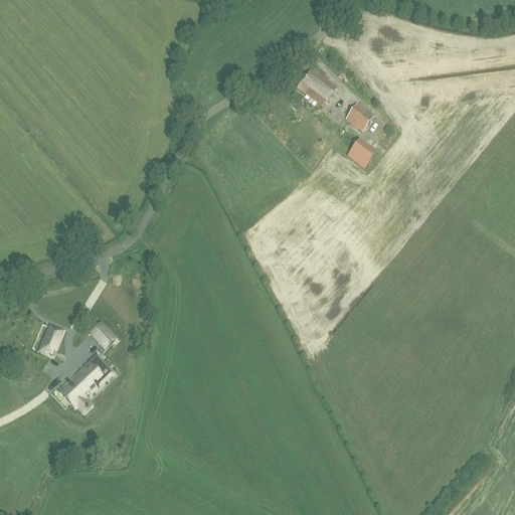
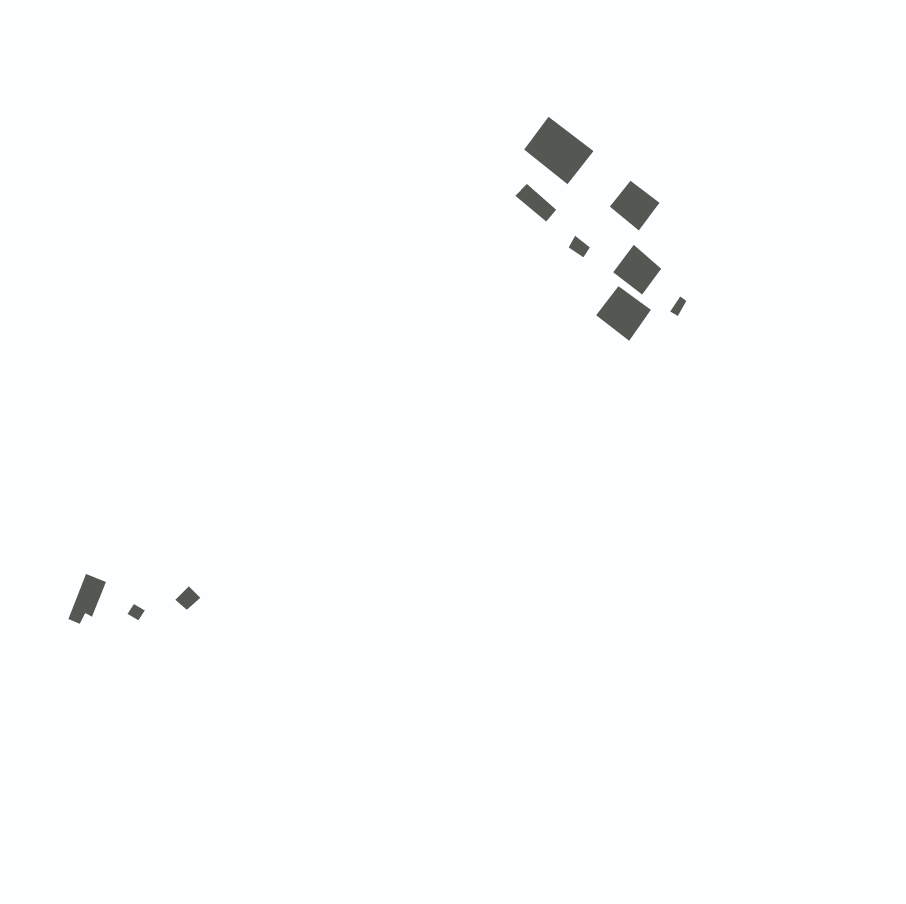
building: none -> [595,285,652,342]
building: [60,355,104,411] -> none

